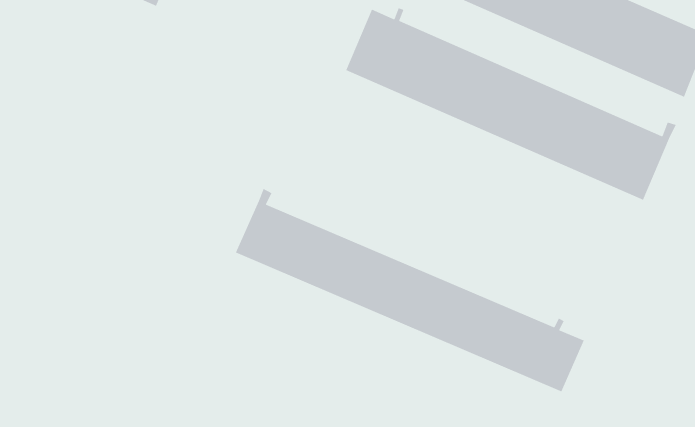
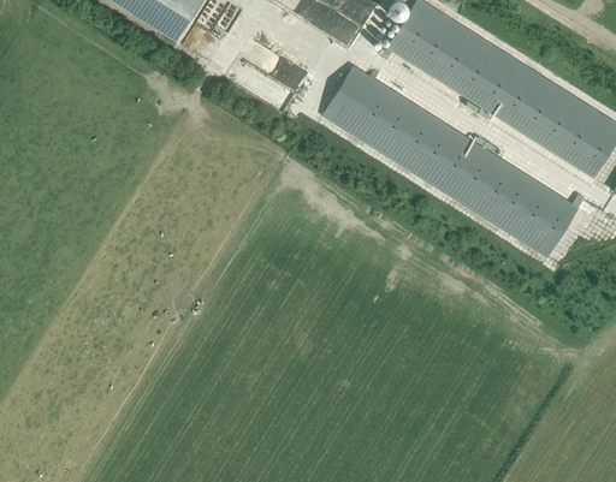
building: [235,188,585,393] -> none

